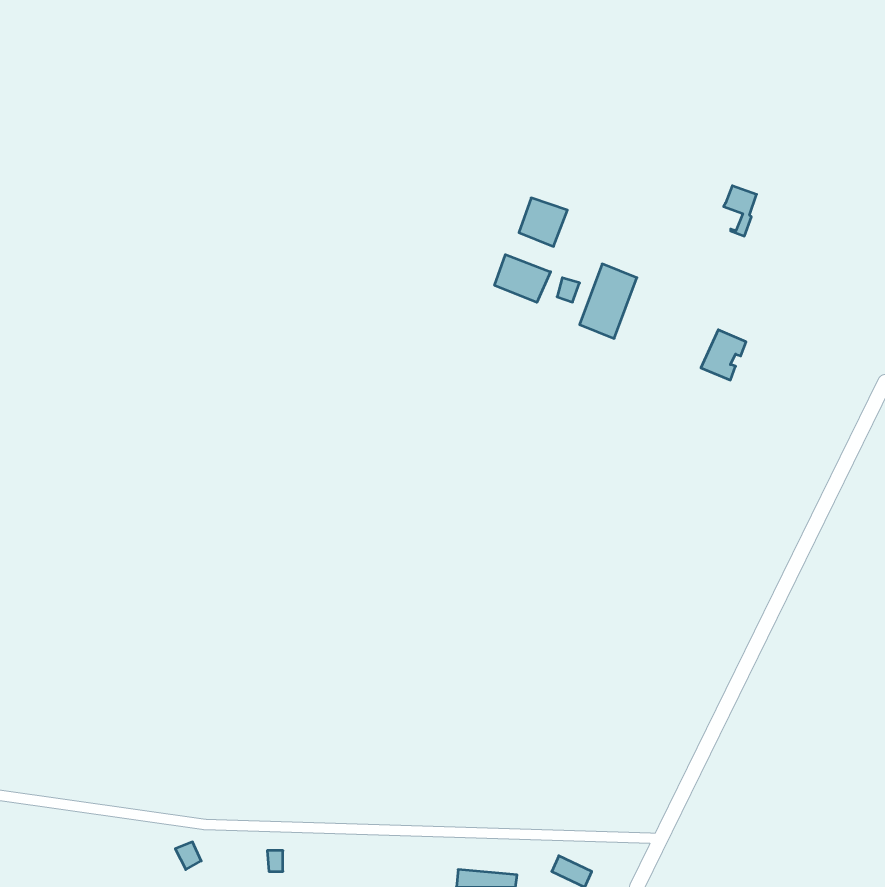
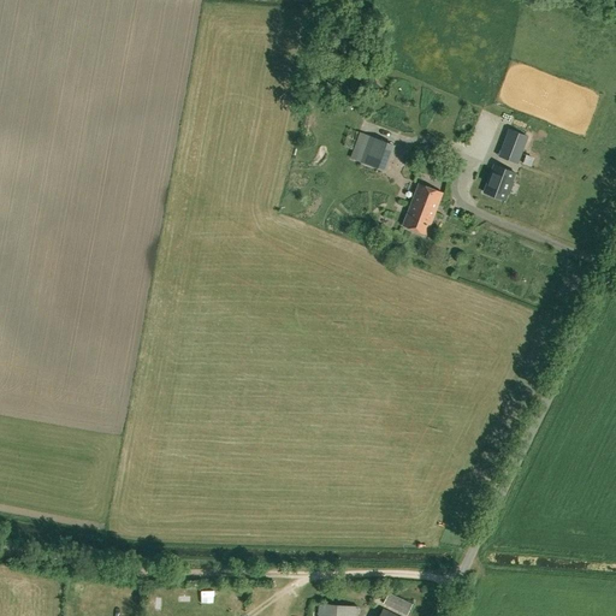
building: [495,255,551,302] -> none
building: [701,330,746,380] -> [481,166,513,201]

